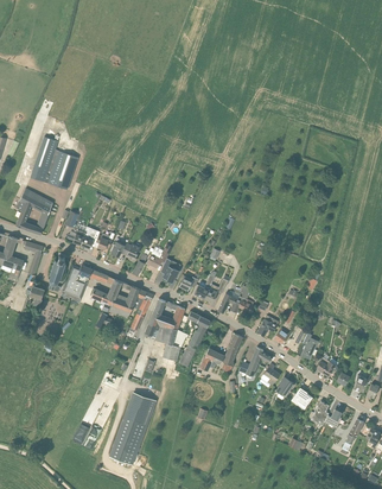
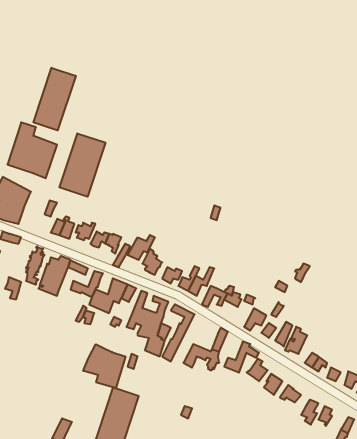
building: none -> [33,68,76,130]
building: none -> [59,133,105,197]
building: none -> [83,344,125,388]

